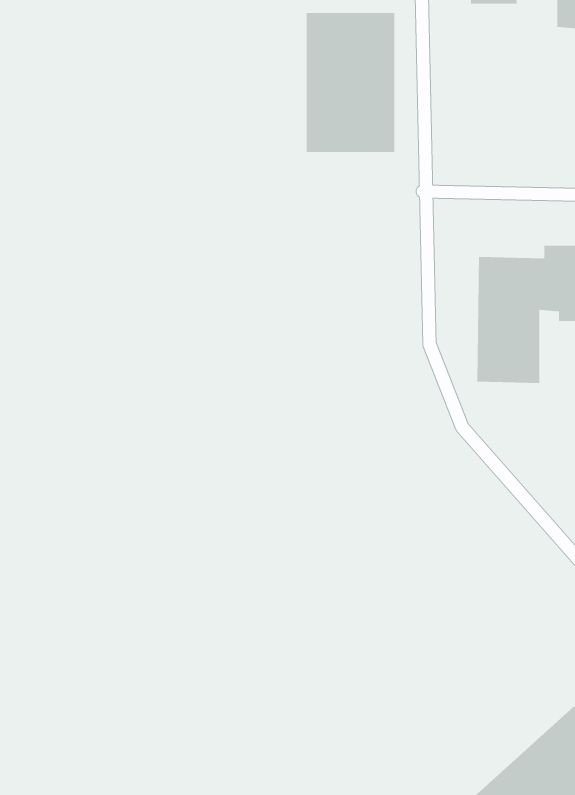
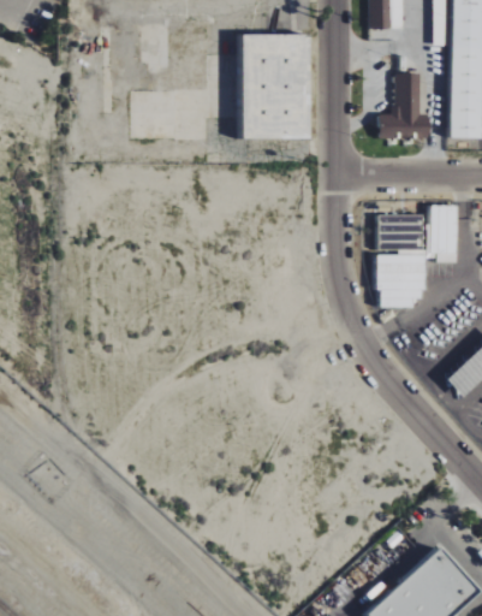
building: none -> [376,72,427,137]

